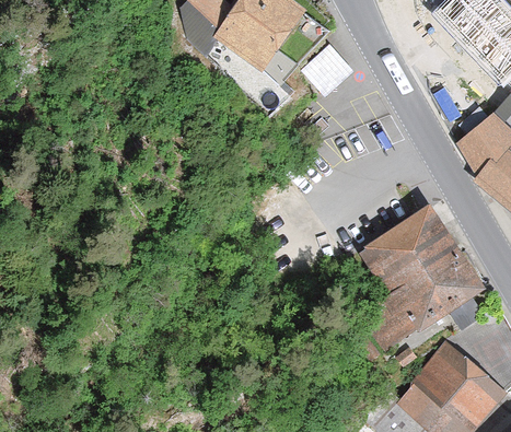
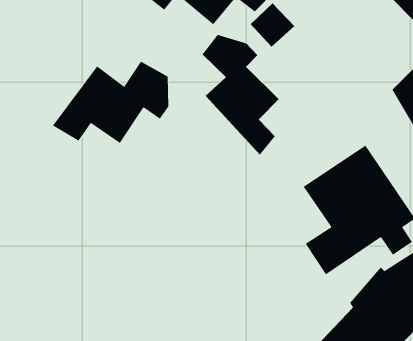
building: none -> [202,34,279,156]
building: none -> [52,61,169,144]

